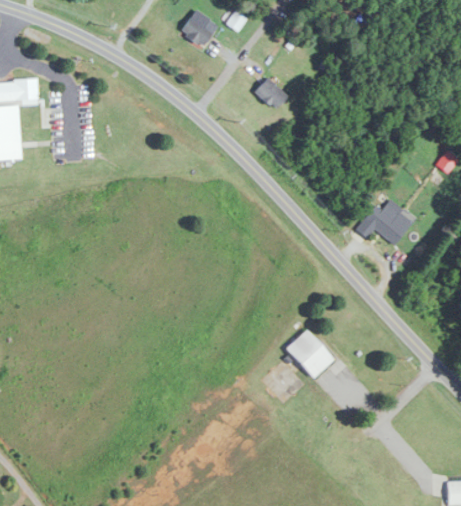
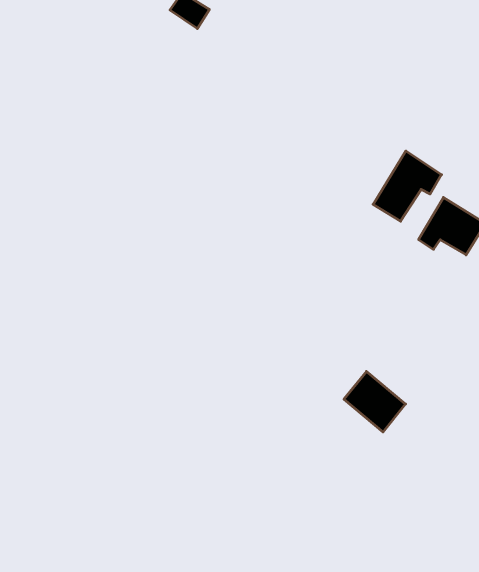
building: [255,76,287,109] -> none
building: none -> [373,151,442,221]

